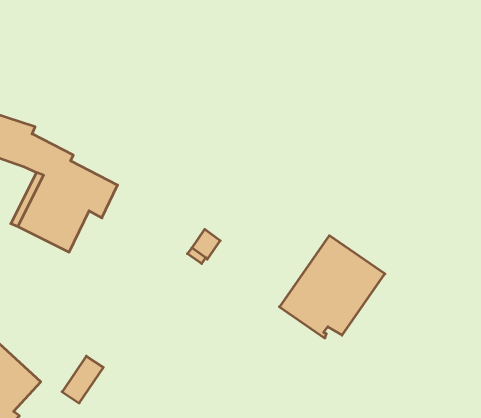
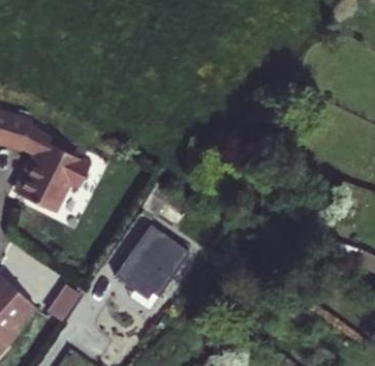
building: [279,236,385,338] -> [114,224,190,299]

